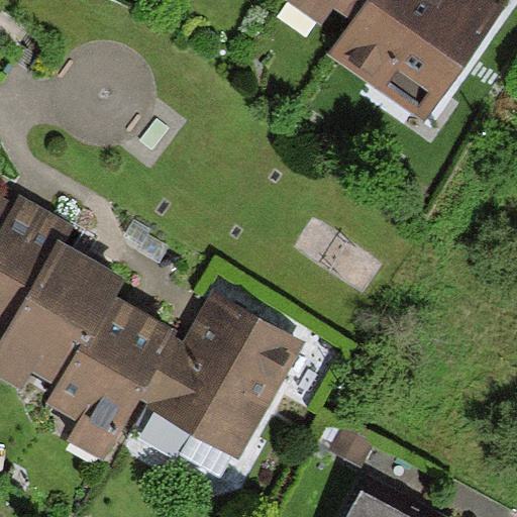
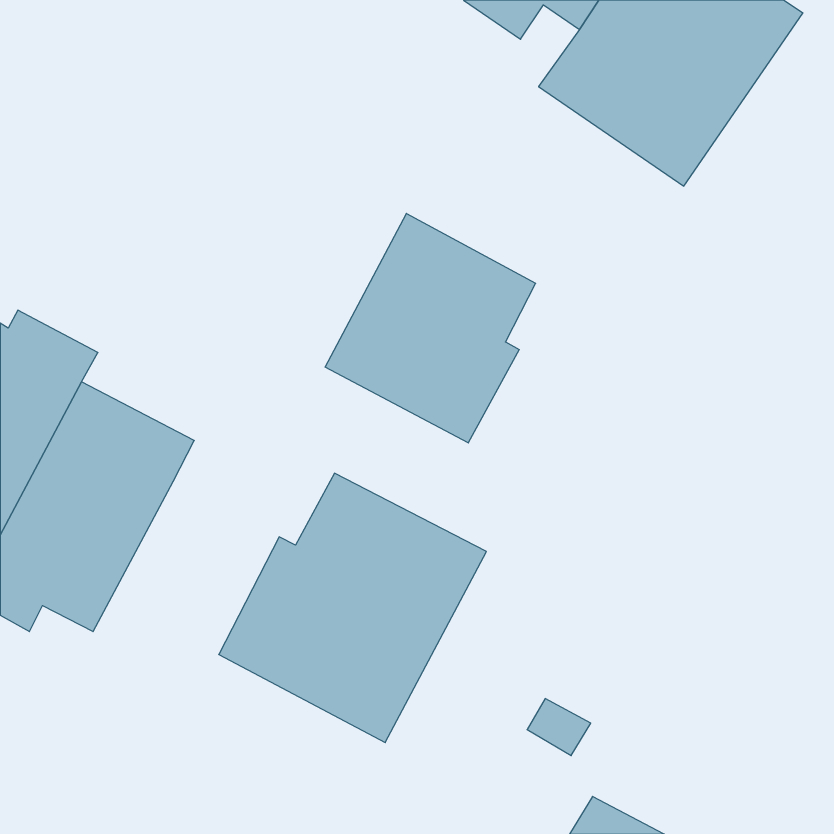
building: none -> [325,213,536,443]
building: [46,298,173,461] -> none

